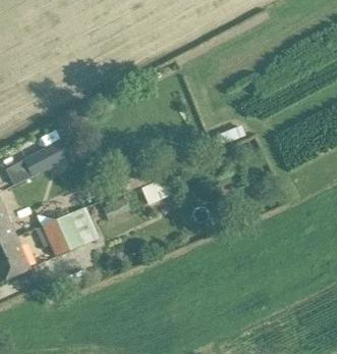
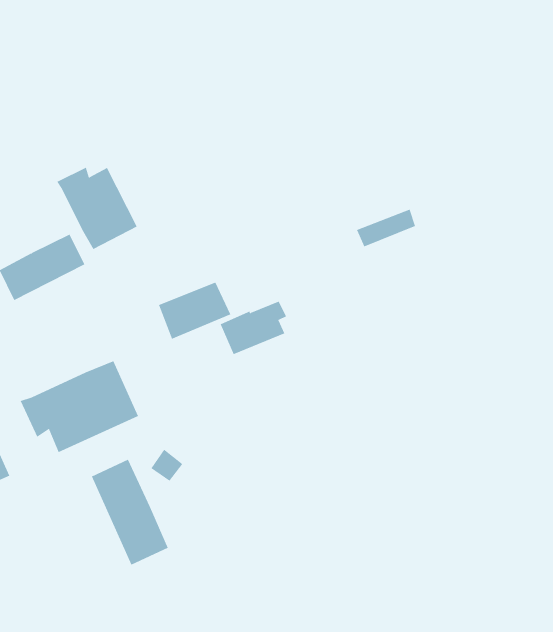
building: none -> [56,167,138,250]
building: none -> [91,459,168,565]

